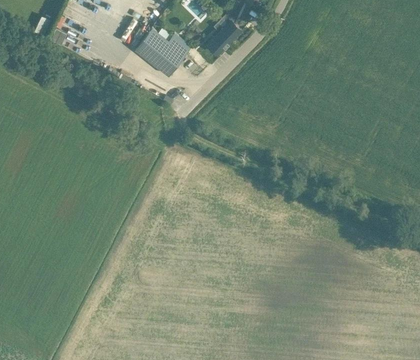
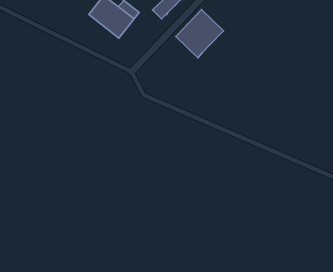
building: none -> [176,10,223,58]

